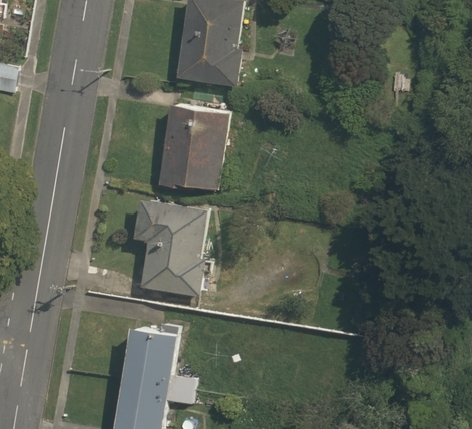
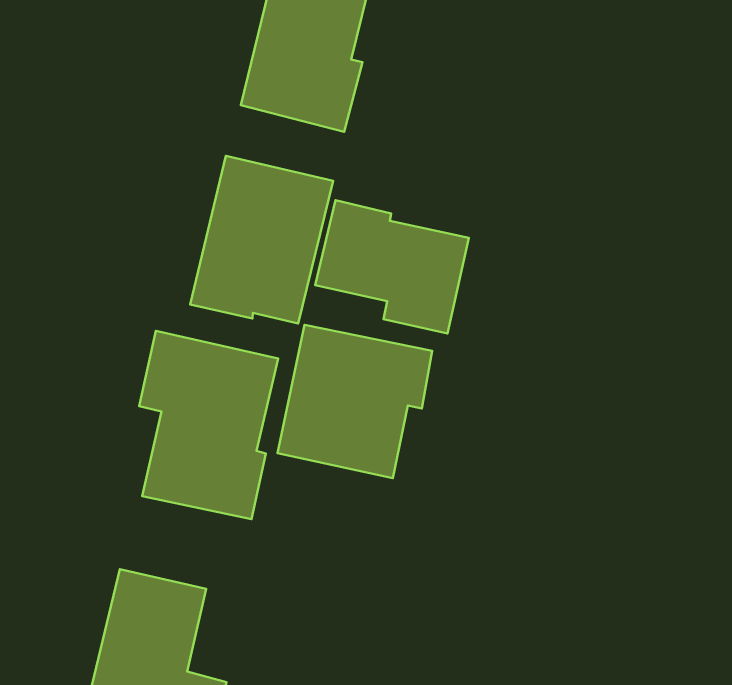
building: none -> [315,200,469,334]
building: none -> [277,325,432,478]

